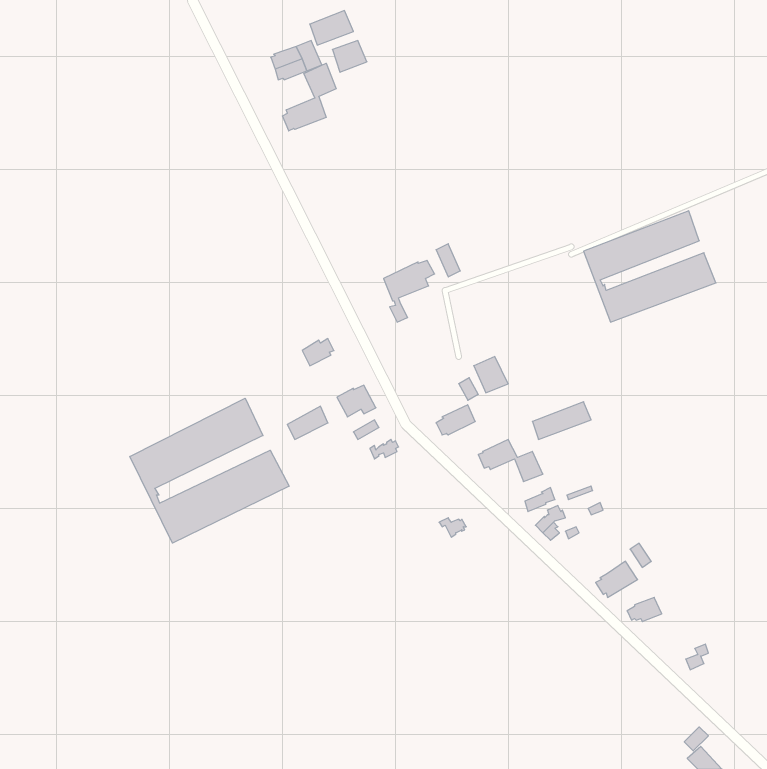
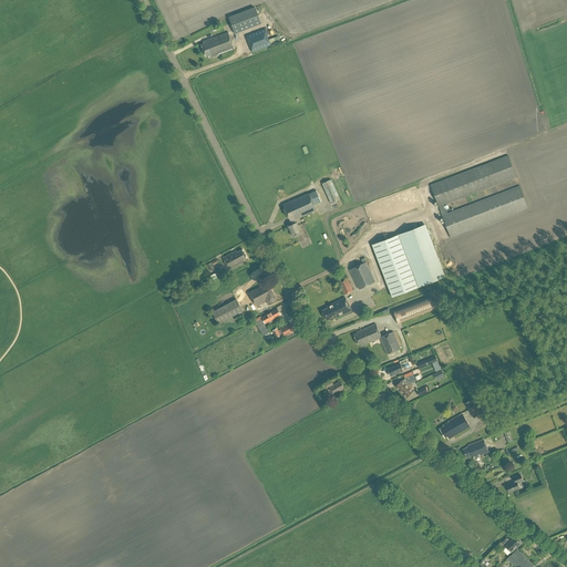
building: [282,63,336,131] -> none
building: none -> [371,225,443,297]
building: [130,398,289,543] -> none

